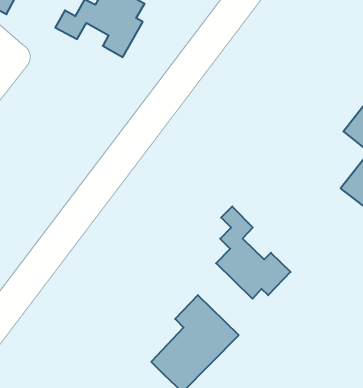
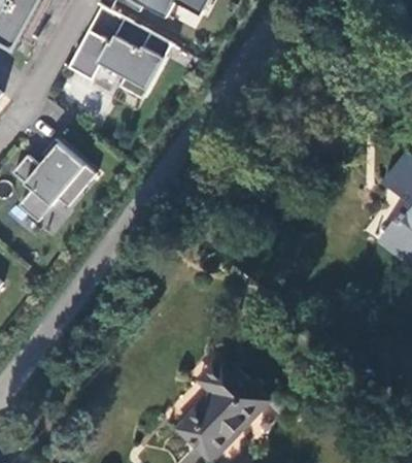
building: none -> [13,138,97,222]
building: [216,206,291,299] -> none

